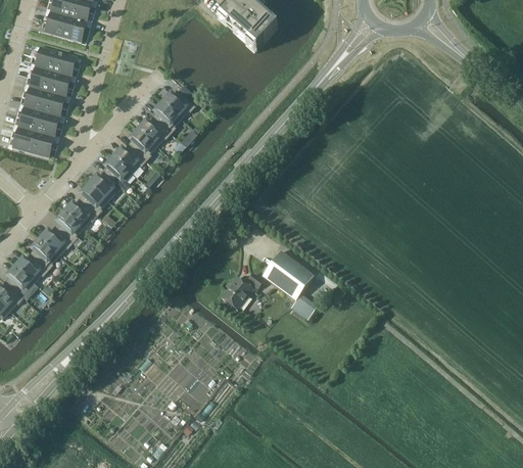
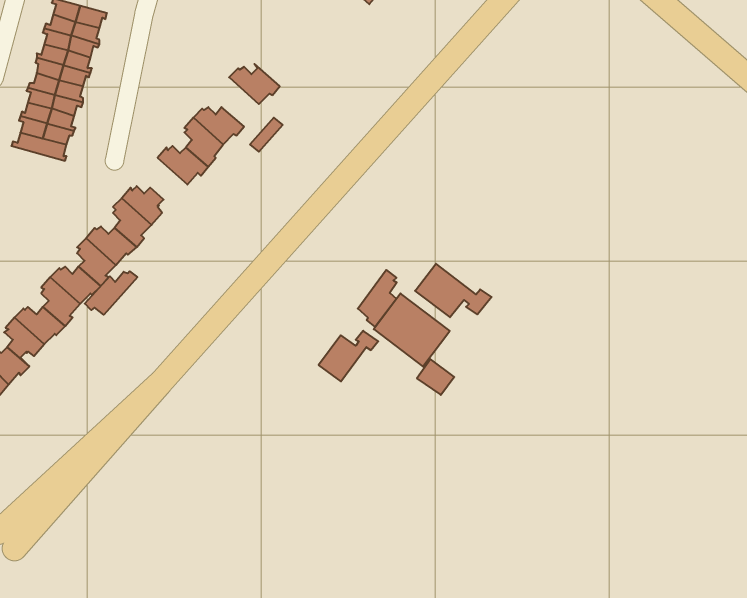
building: [154,99,181,133] -> none
building: [105,154,132,183] -> none
building: none -> [415,264,492,317]
building: none -> [358,270,397,327]
building: none -> [85,271,137,315]

